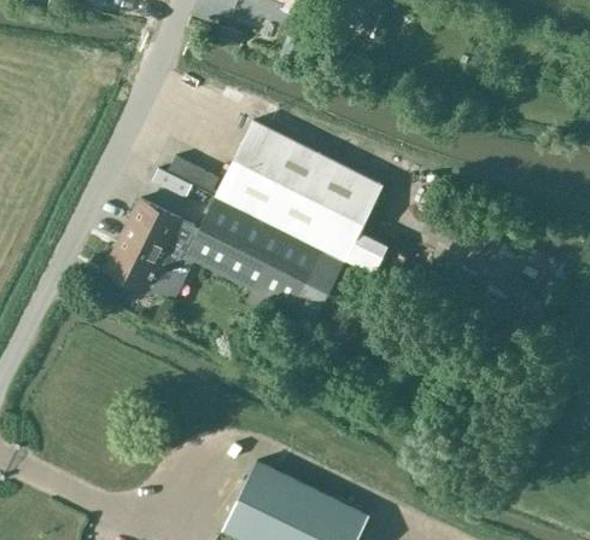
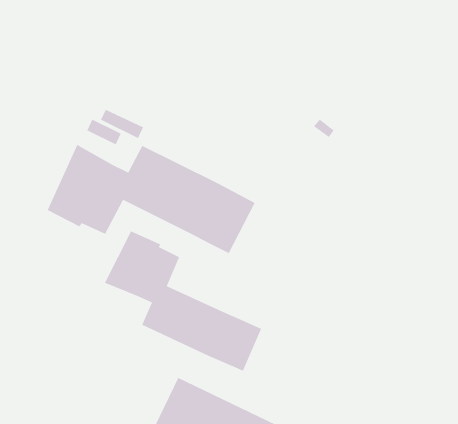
building: [214,121,387,273] -> none
building: none -> [104,231,262,372]

